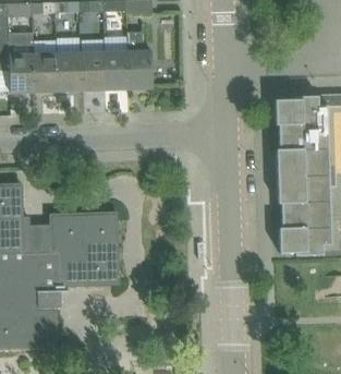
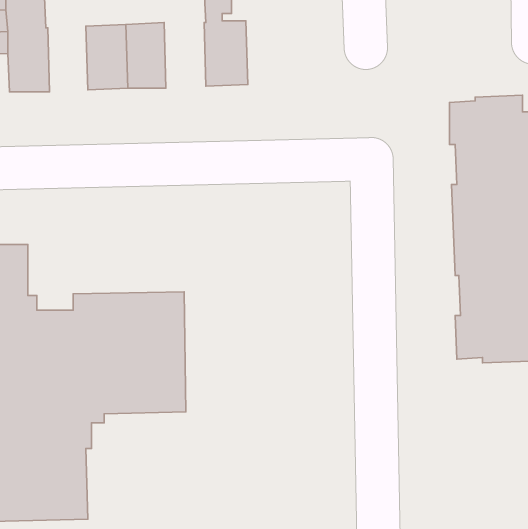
building: [103,51,129,91] -> none
building: [34,53,58,93] -> none

